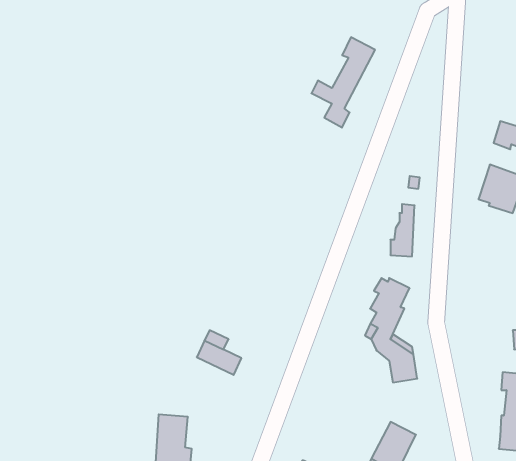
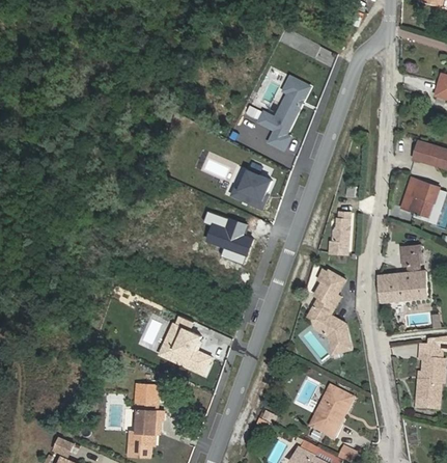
building: none -> [236,167,277,207]
building: none -> [206,209,256,263]
building: none -> [375,245,424,302]
building: none -> [162,334,217,375]

